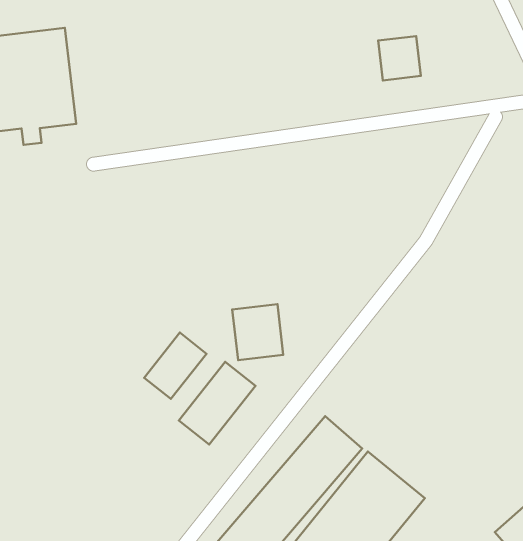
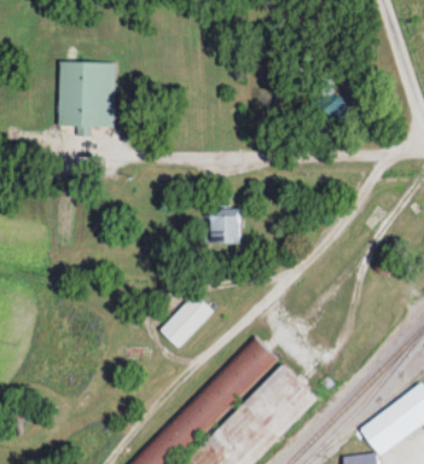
building: [232,304,283,360] -> [209,209,239,243]
building: [144,332,207,399] -> none

